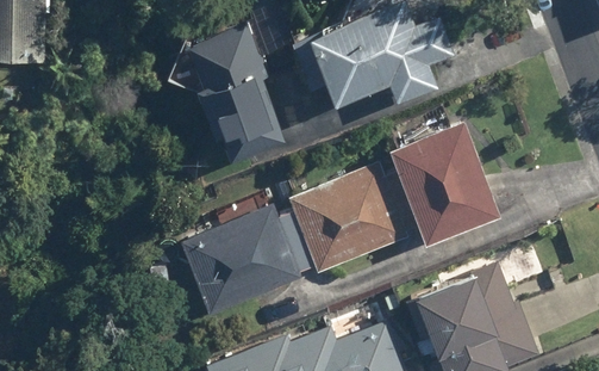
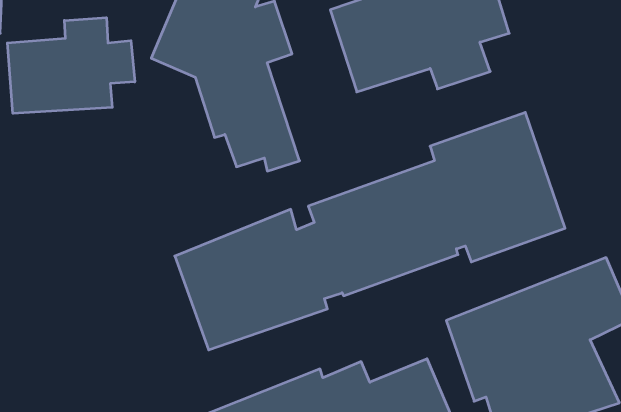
building: none -> [7,18,135,113]

